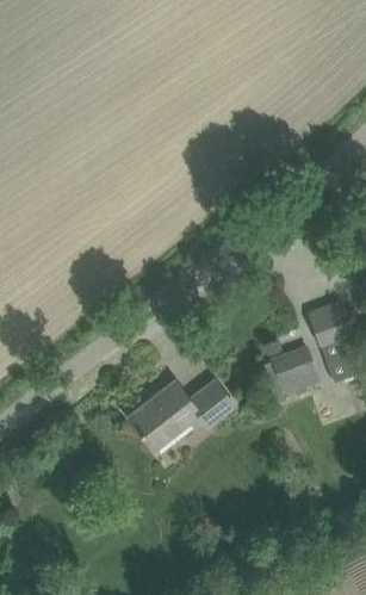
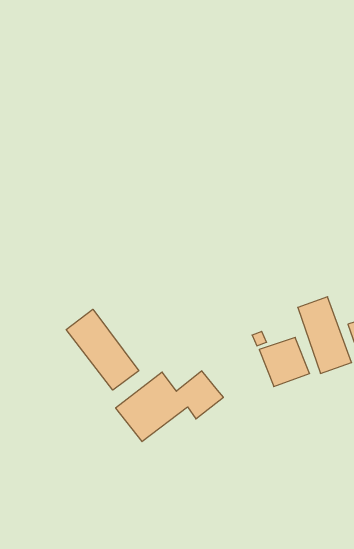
building: none -> [66,309,139,390]

